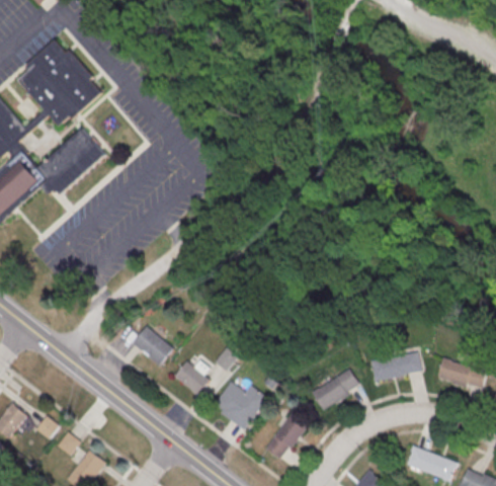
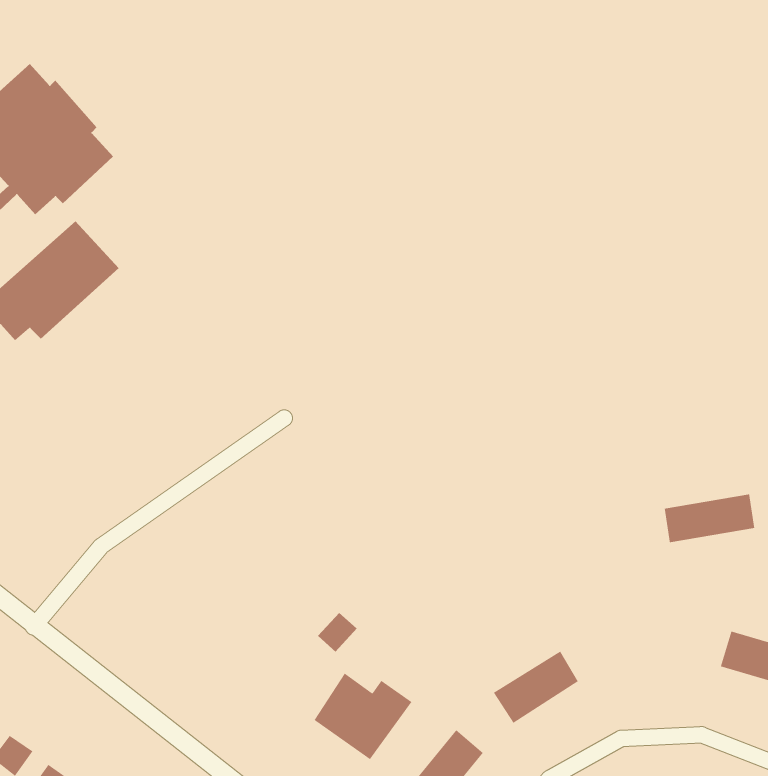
building: [131,324,172,364] -> none
building: [371,351,422,379] -> [664,494,755,543]
building: [174,359,210,393] -> none

